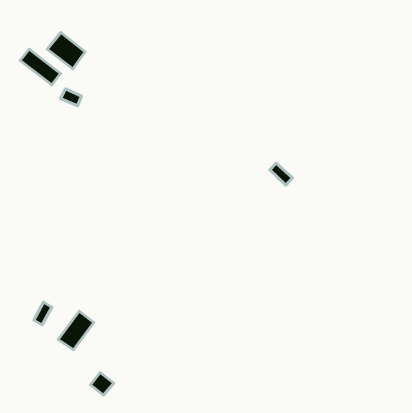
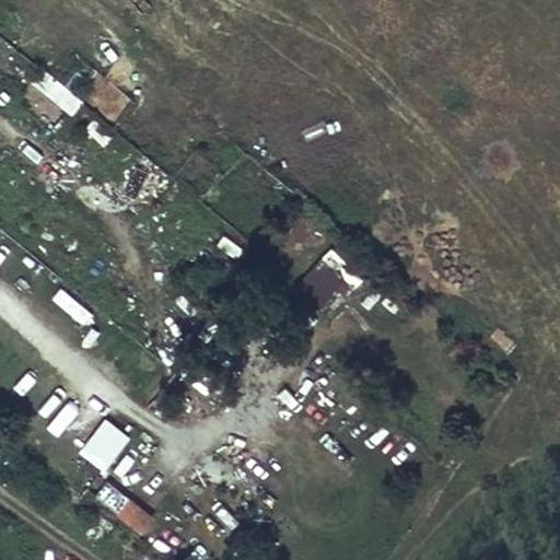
building: [47,33,85,69] -> none

